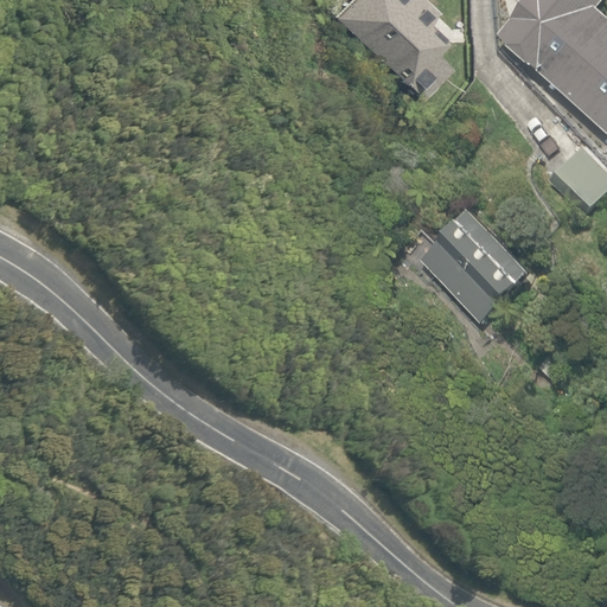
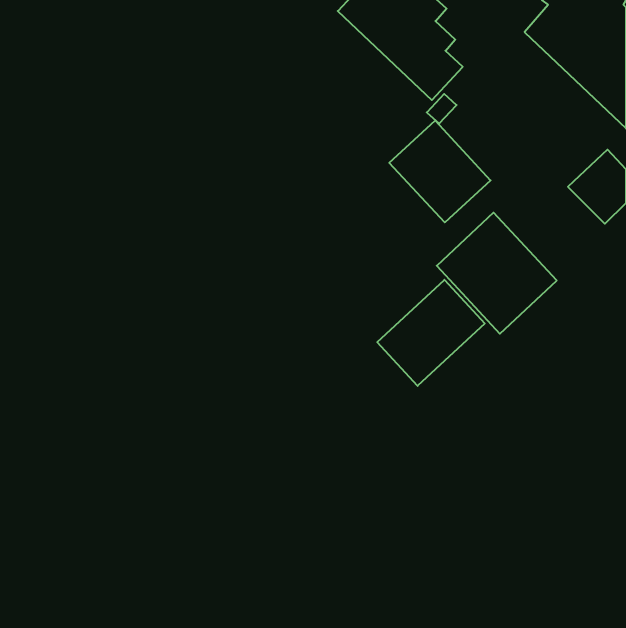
building: none -> [389,121,491,222]
building: none -> [377,280,485,386]

